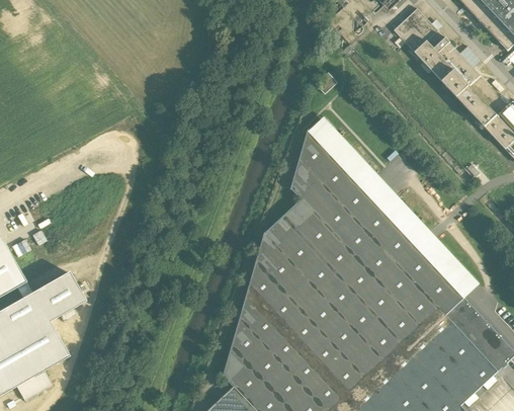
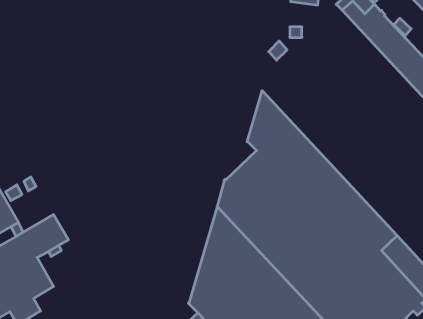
building: [310,117,479,298] -> none

